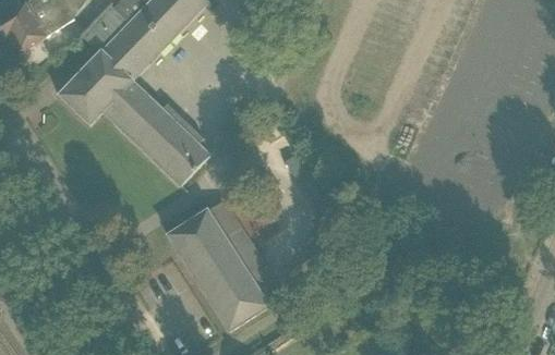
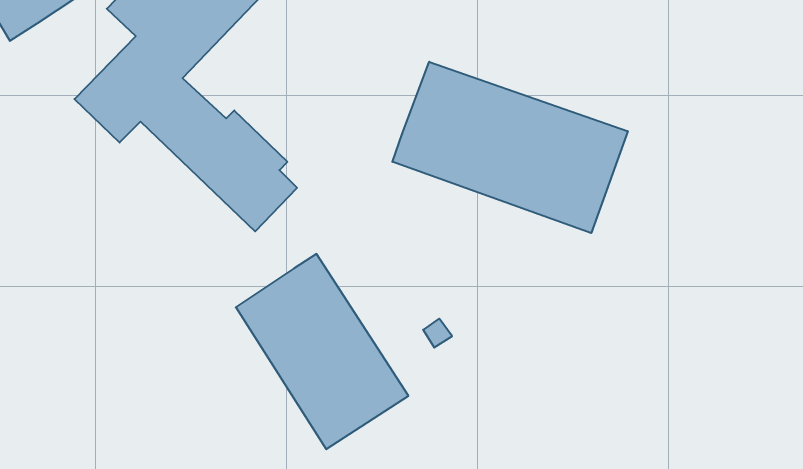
building: none -> [392,62,628,233]

